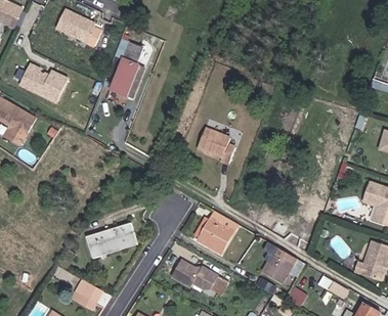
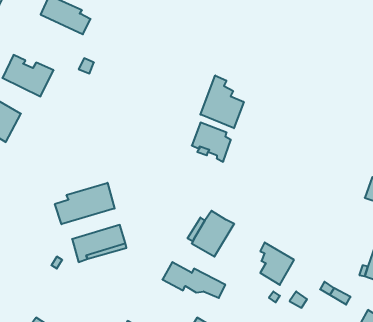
building: [109,43,145,98] -> none
building: none -> [200,75,244,128]
building: none -> [55,183,115,224]
building: [71,279,101,310] -> none

